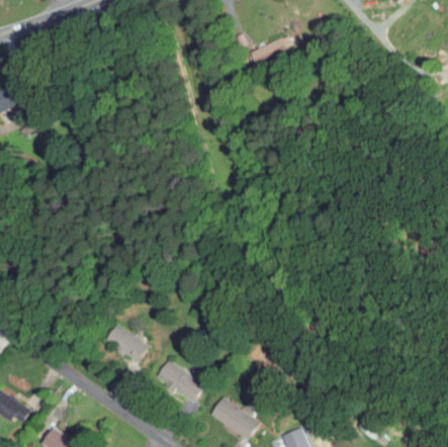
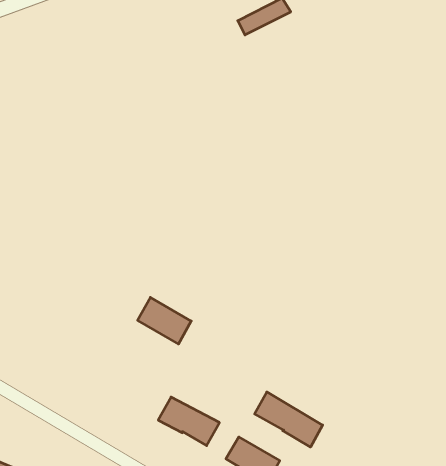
building: [105,324,150,364] -> [138,297,191,344]
building: none -> [255,392,323,447]

